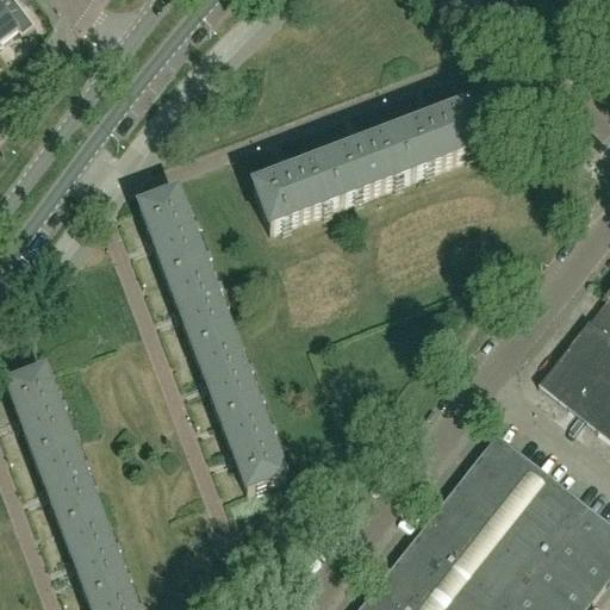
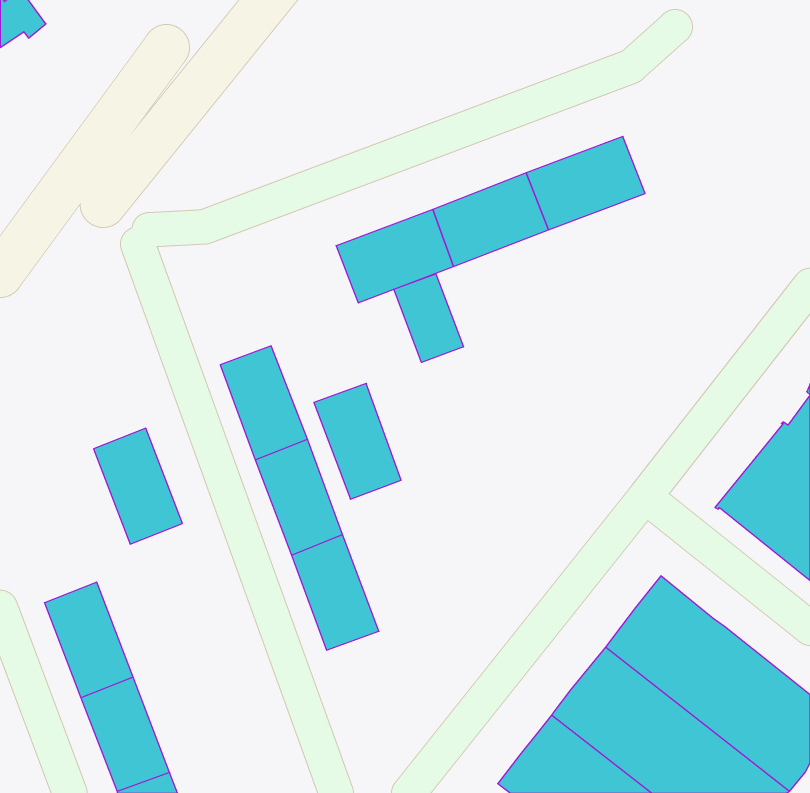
building: [138,187,204,274] -> [314,383,401,499]
building: none -> [394,274,463,362]
building: [6,366,73,453] -> [94,428,182,544]

